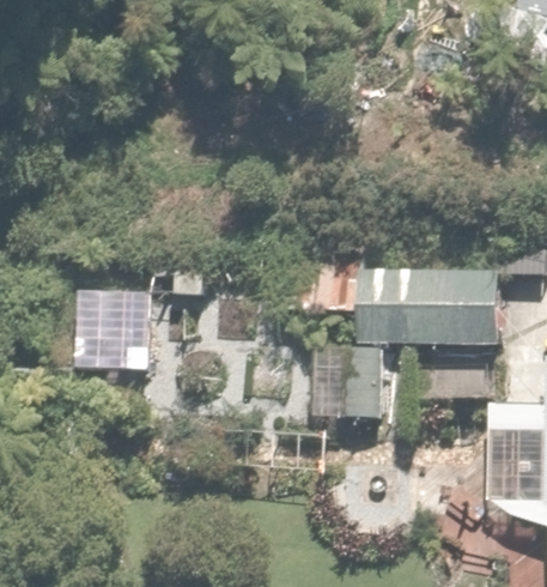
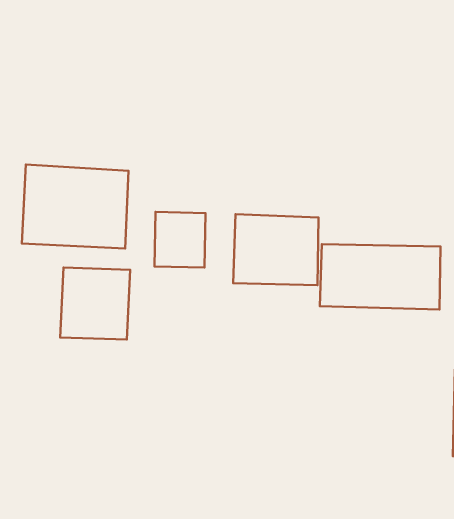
building: none -> [22,165,128,248]

